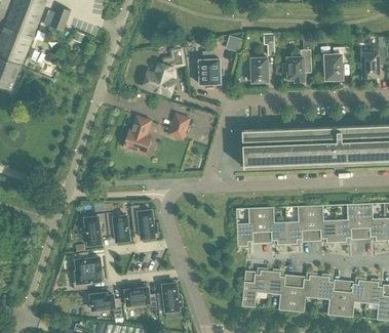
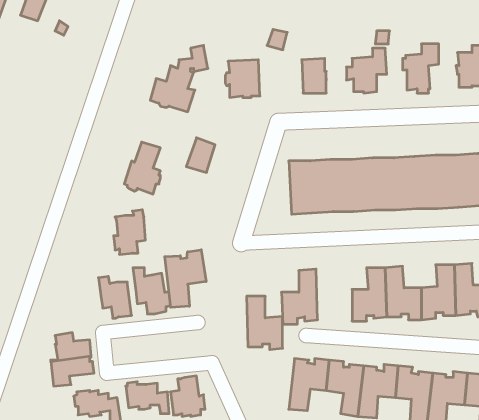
building: none -> [165,250,206,307]
building: [261,207,286,245] -> [247,296,283,350]
building: [83,213,106,245] -> [114,210,145,254]

